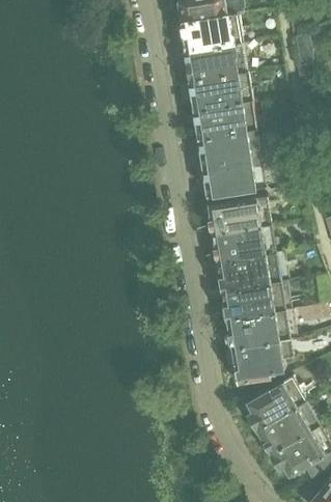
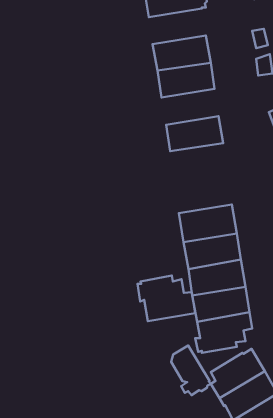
building: [180,15,241,53] -> none
building: [193,101,254,139] -> none
building: [202,159,264,196] -> none
building: [208,197,269,233] -> none
building: none -> [138,275,195,321]
building: none -> [171,345,211,395]

